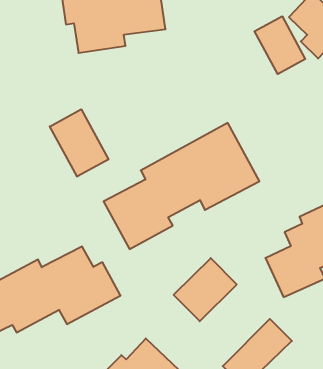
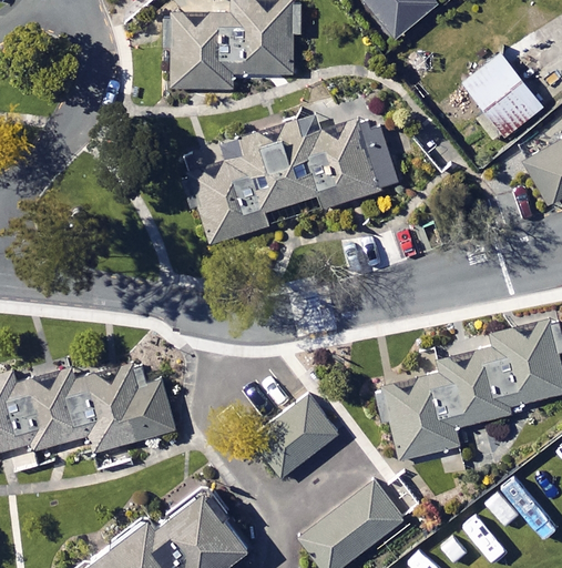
building: [254,16,305,74] -> none
building: [50,109,108,177] -> none
building: [104,123,259,249] -> [186,97,401,247]

